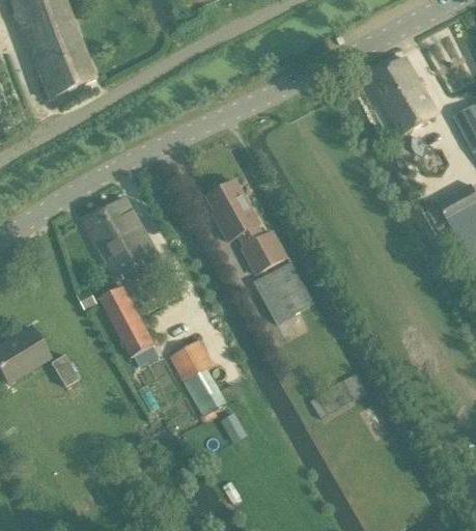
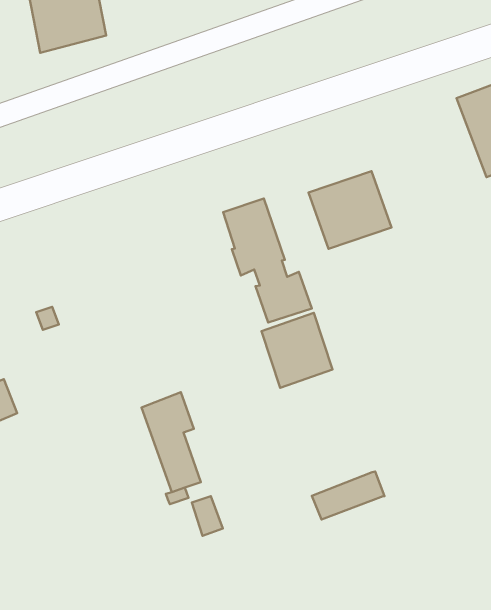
building: none -> [309,171,391,249]
building: [82,197,158,279] -> none
building: [99,285,155,358] -> none

